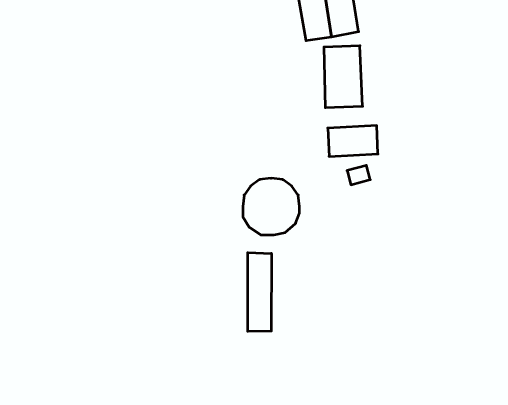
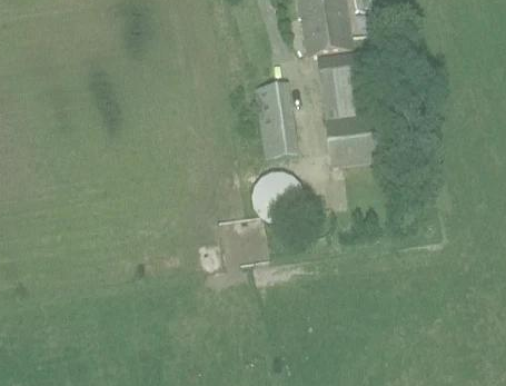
building: none -> [260,77,295,150]
building: [248,253,271,331] -> none

